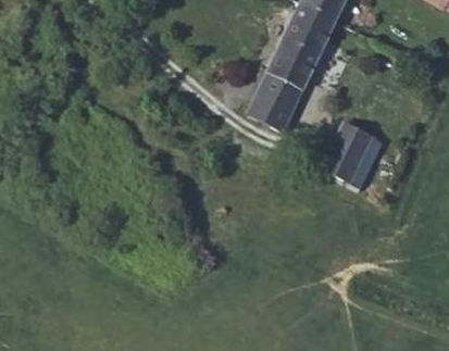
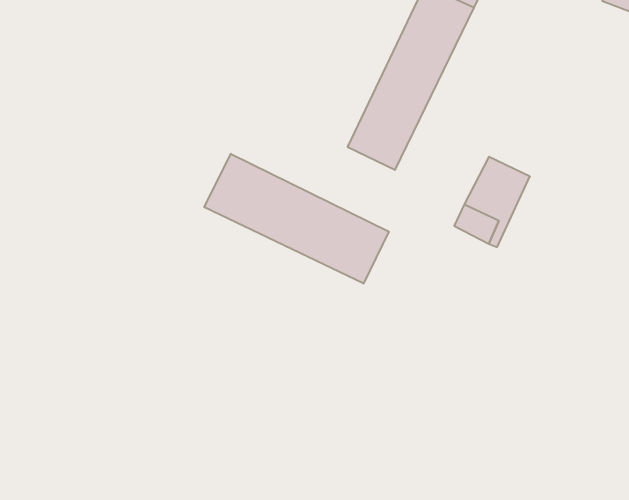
building: none -> [204,154,389,284]

